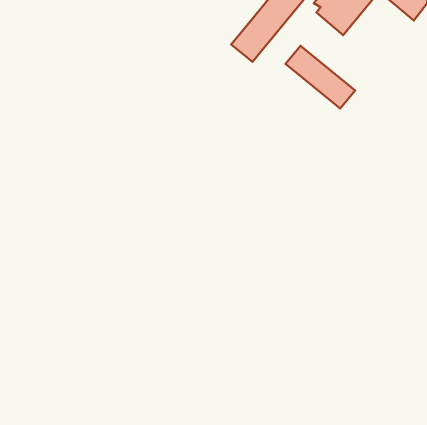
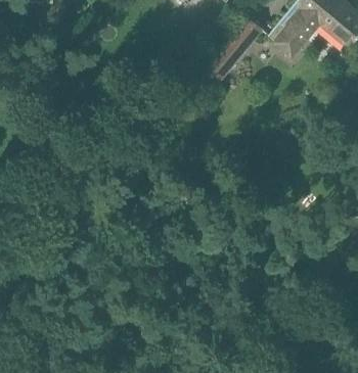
building: [286,46,355,109] -> none

